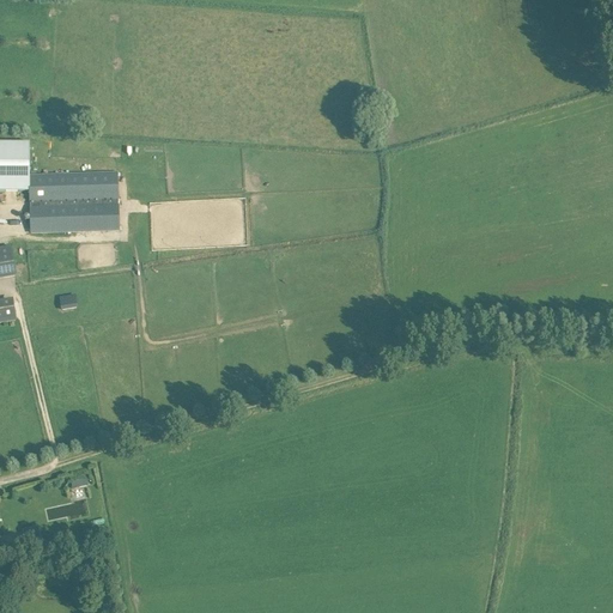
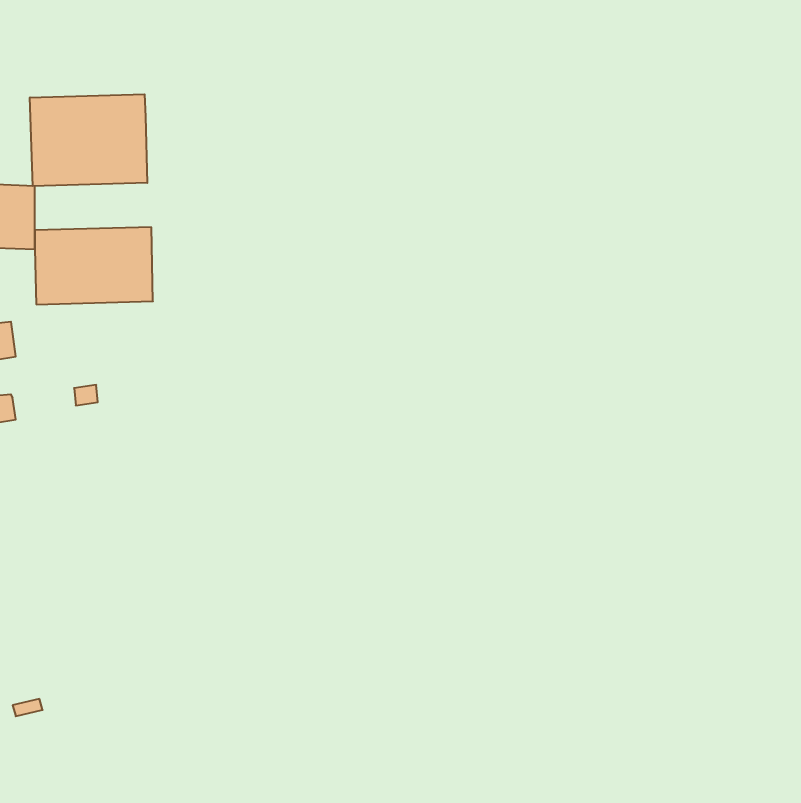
building: none -> [30,94,147,186]

